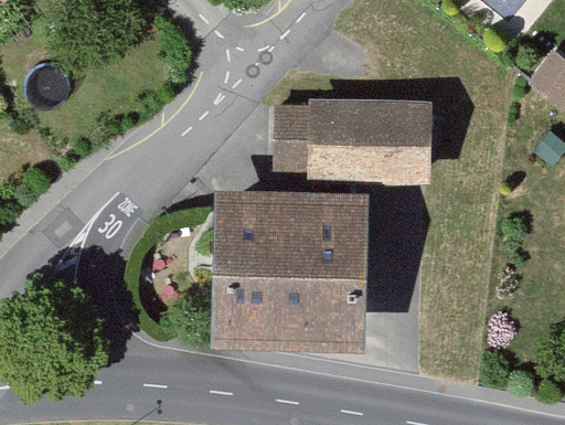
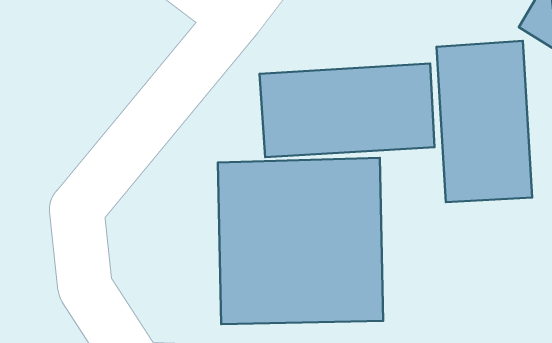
building: none -> [437,41,532,202]

